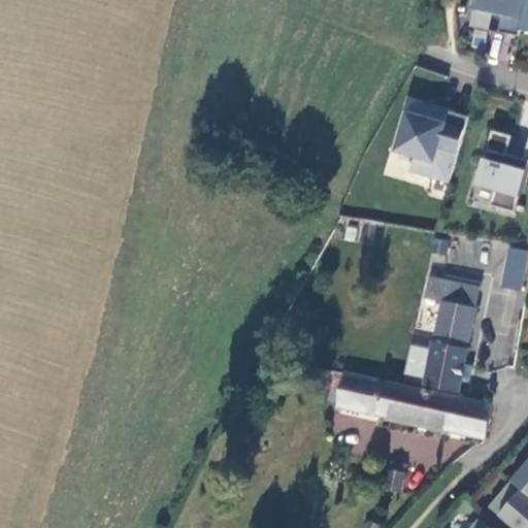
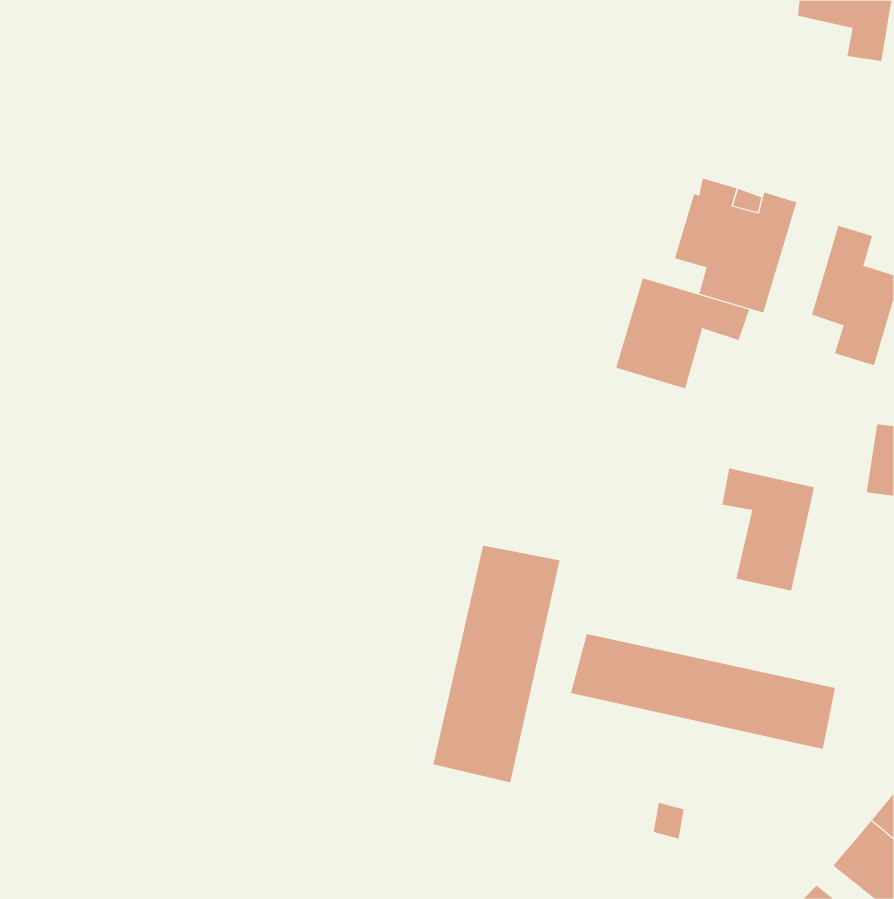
building: none -> [615,277,750,389]
building: none -> [433,545,560,783]
building: [423,339,465,390] -> none

